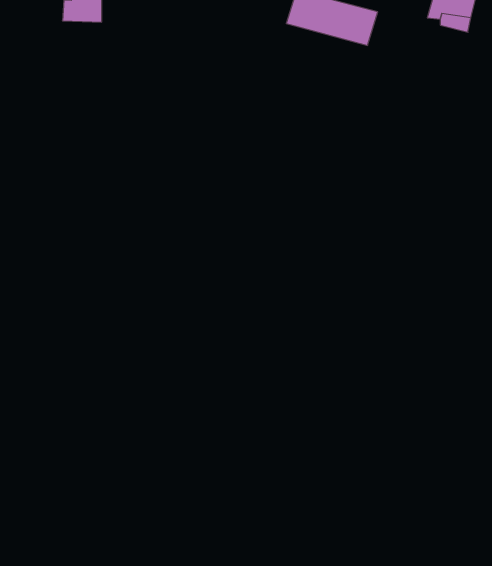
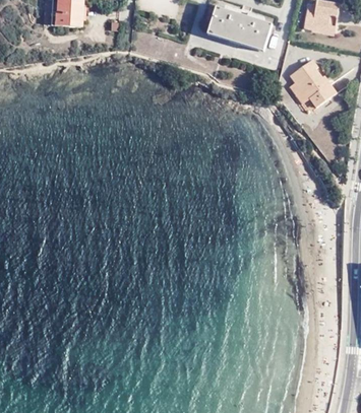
building: none -> [291,57,339,106]

